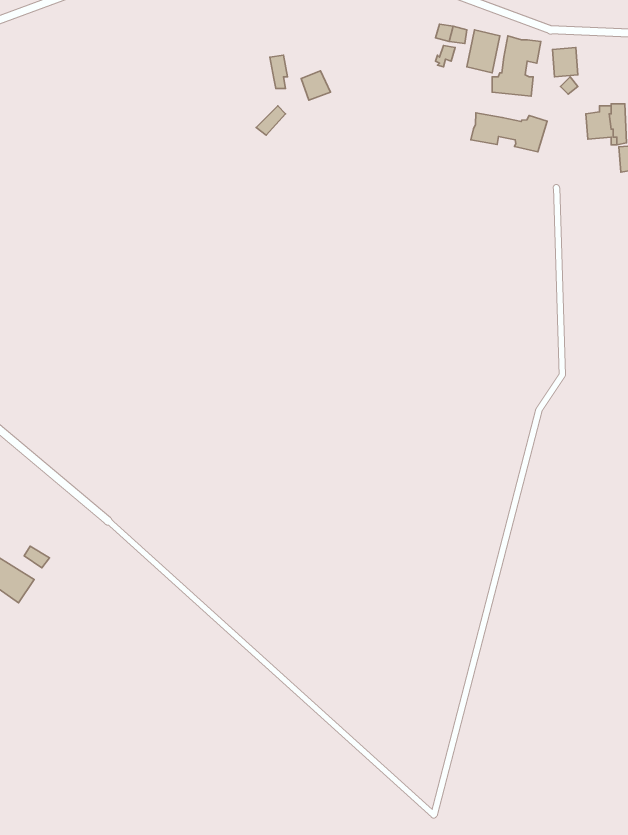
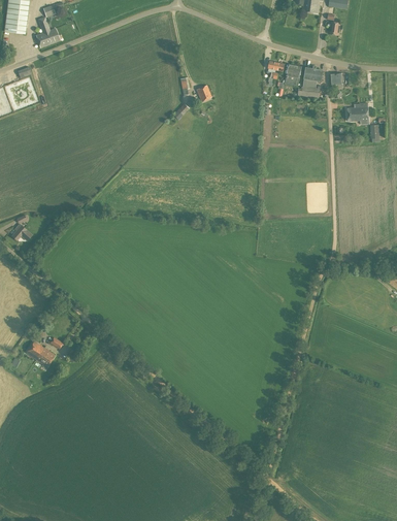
building: [471,113,547,152] -> none

